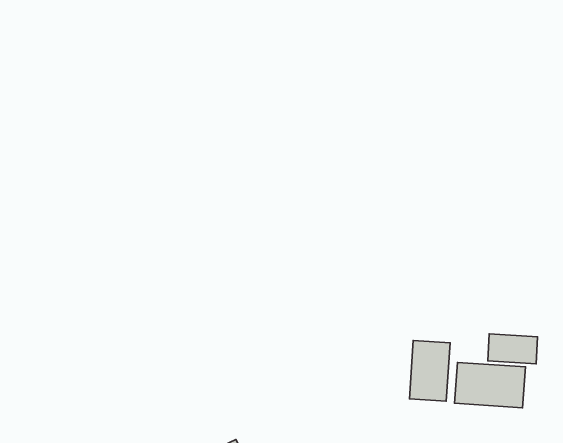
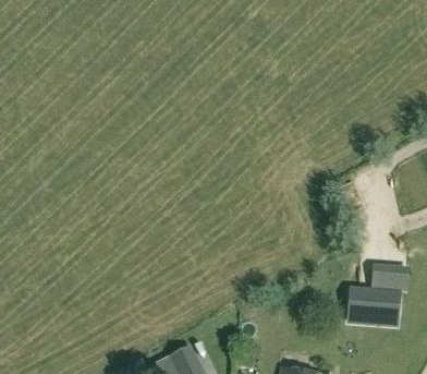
building: [409,341,450,401] -> none

